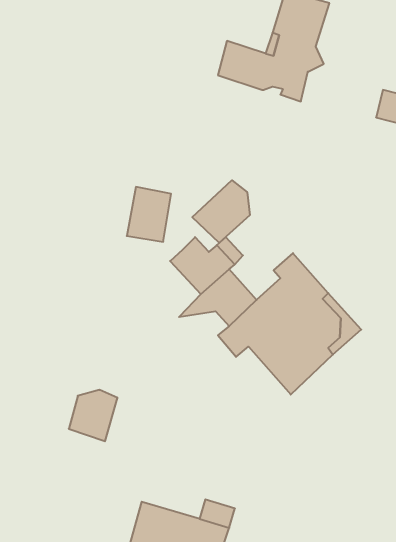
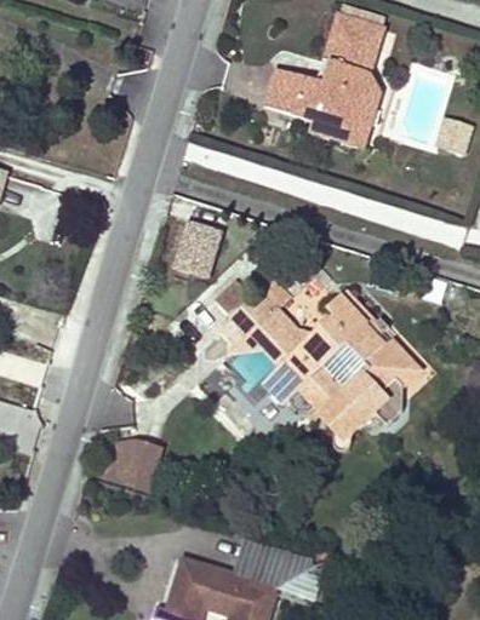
building: none -> [313,91,381,144]
building: [192,180,250,243] -> none

